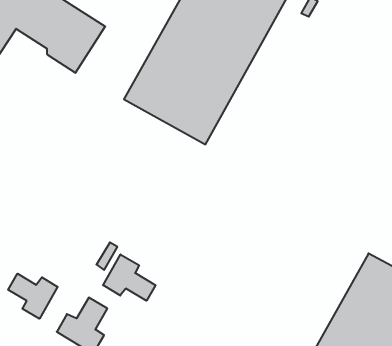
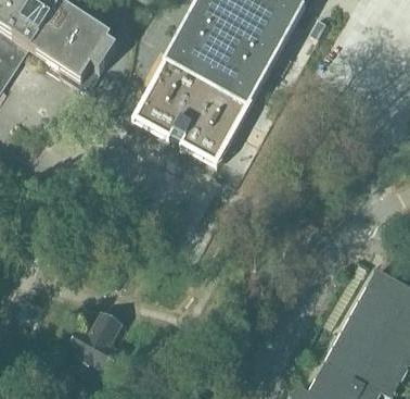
building: [103,254,156,301] -> none
building: [8,274,58,319] -> none

